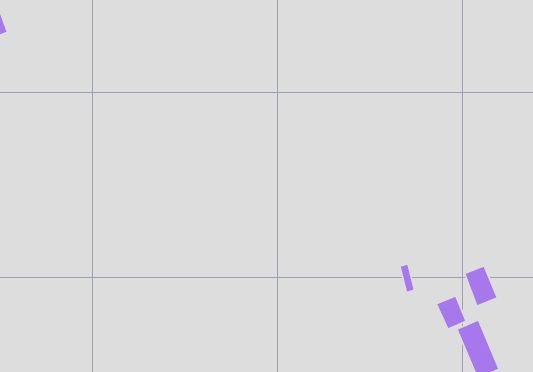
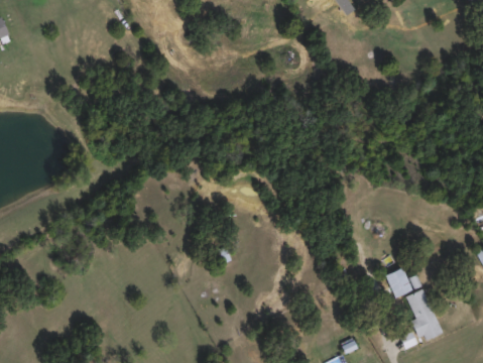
building: [464,266,497,306] -> none

